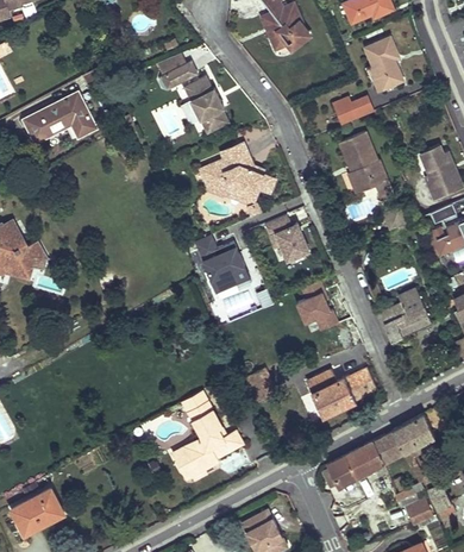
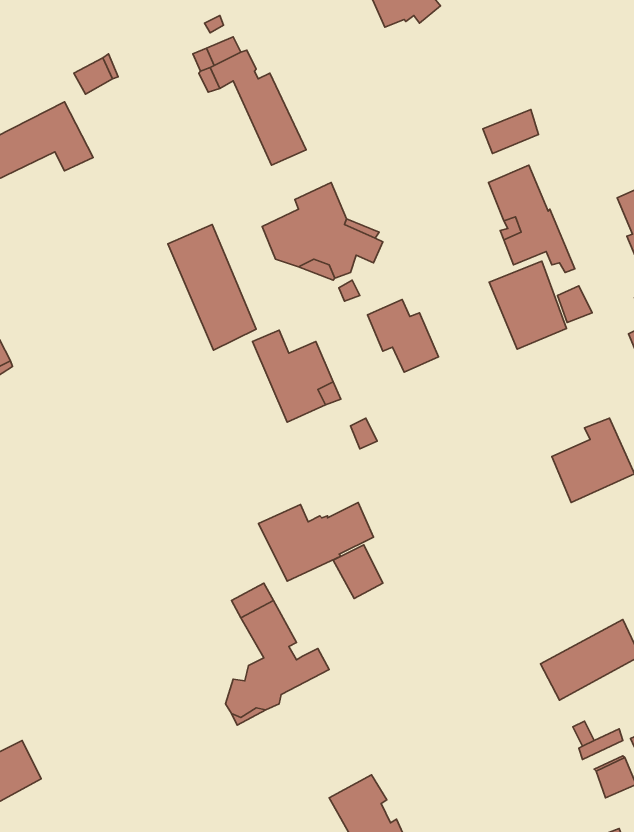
building: [364,37,405,90] -> none
building: none -> [168,224,256,350]
building: none -> [489,261,567,349]
building: [297,280,339,330] -> none
building: [305,369,376,418] -> [258,503,374,581]
building: [327,441,384,488] -> none

